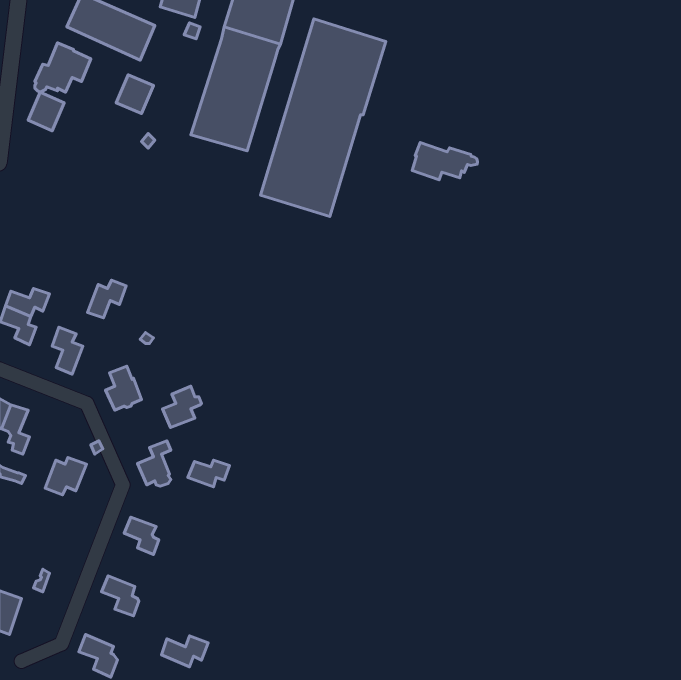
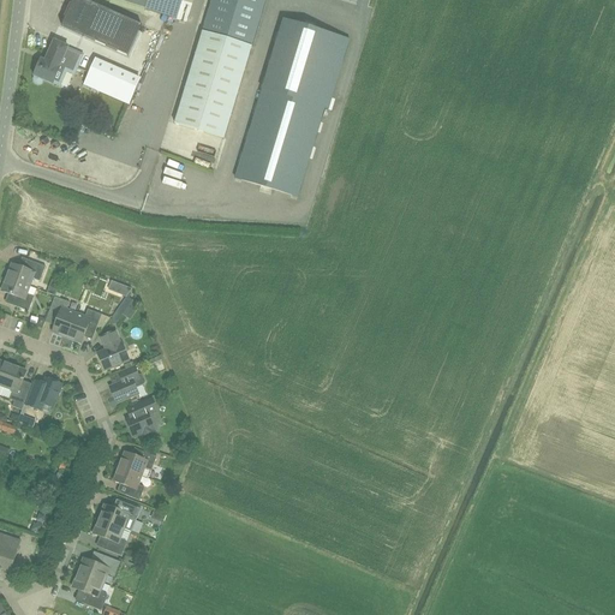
building: [28,92,64,131] -> [83,58,115,92]
building: [412,143,478,180] -> none
building: [88,280,126,318] -> [65,308,100,341]
building: [163,386,201,427] -> [108,364,143,401]
building: [45,457,87,495] -> [24,376,61,410]
building: [188,460,229,487] -> [118,449,155,473]
building: none -> [97,498,139,527]
building: [161,636,208,667] -> [77,554,119,581]

